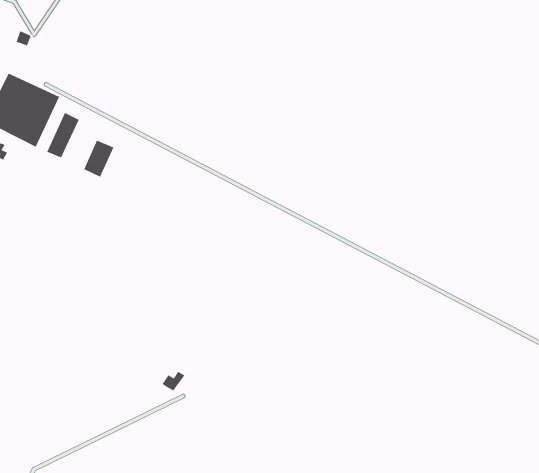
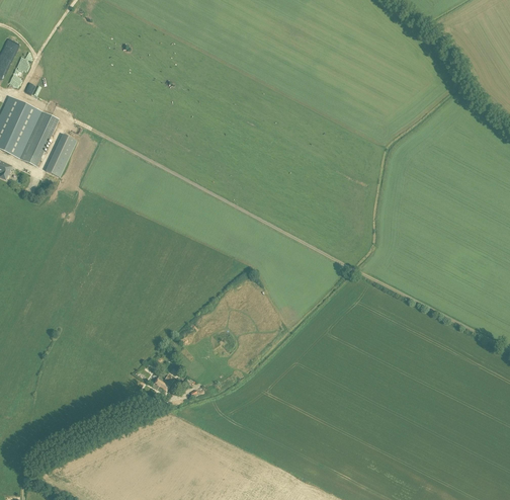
building: [83,139,115,178] -> none

